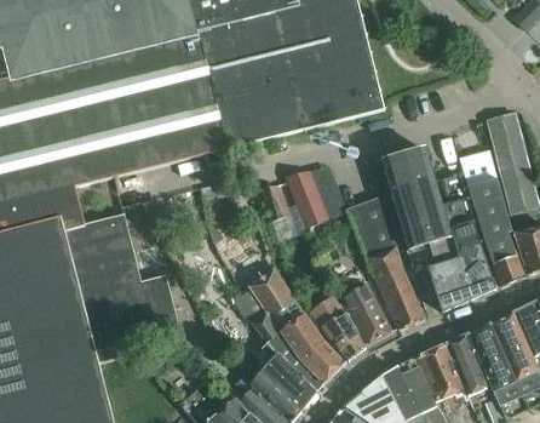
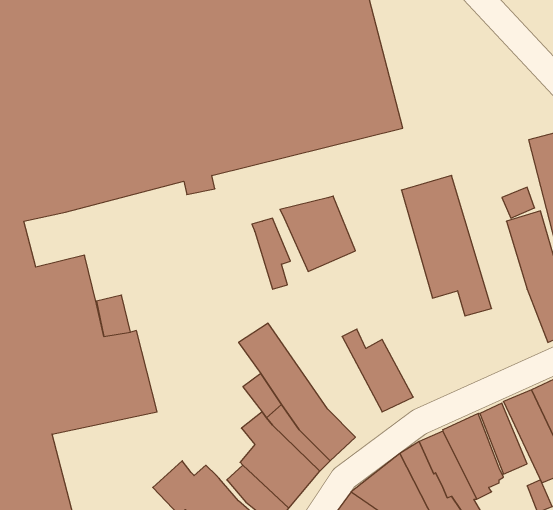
building: [346,196,424,328] -> none
building: [427,199,495,311] -> none
building: [315,297,364,360] -> none

